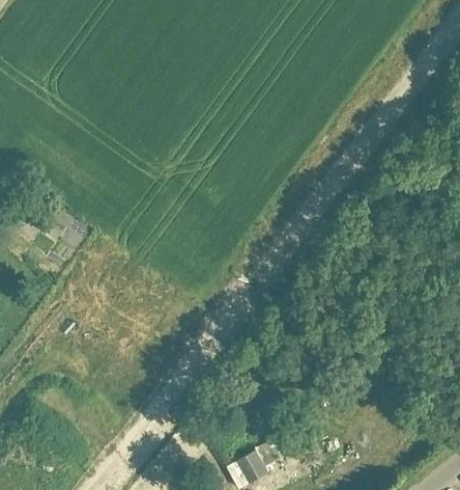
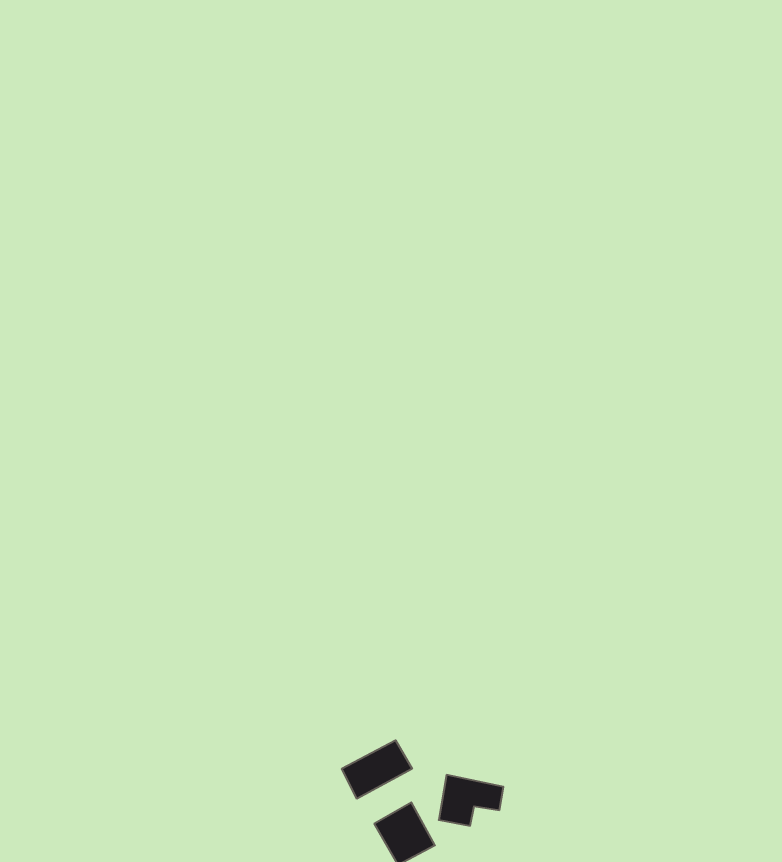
building: none -> [342,740,412,799]

